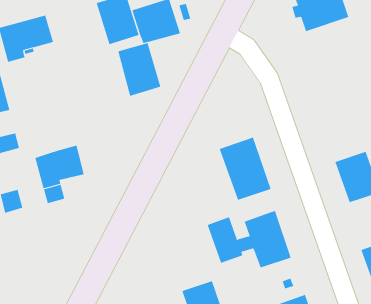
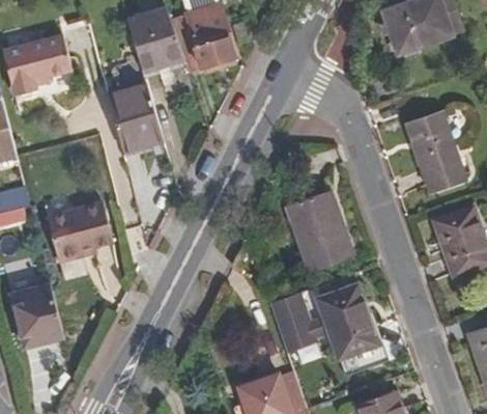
building: [117,42,161,97] -> [108,82,164,151]
building: none -> [406,114,463,190]
building: none -> [10,282,64,347]

